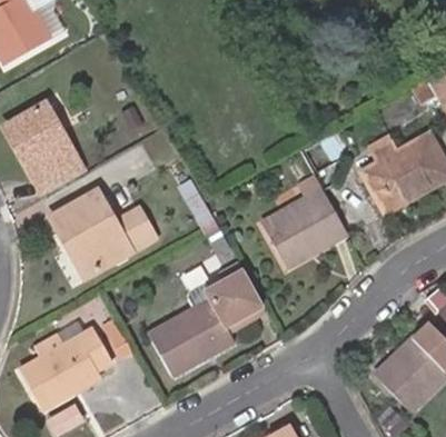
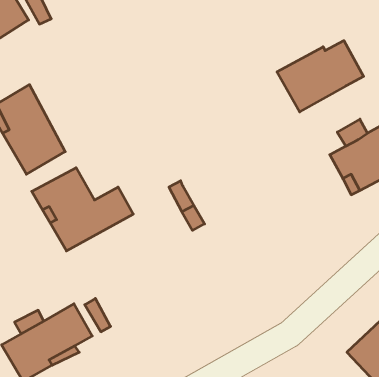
building: none -> [277,41,364,112]
building: [258,178,345,268] -> none
building: [149,271,261,375] -> none

